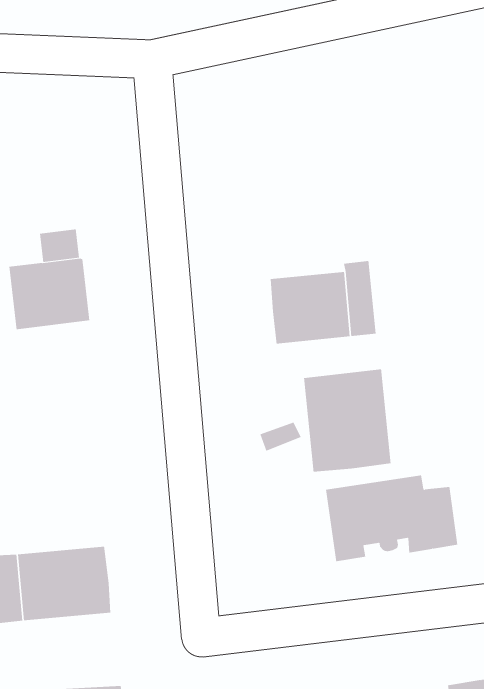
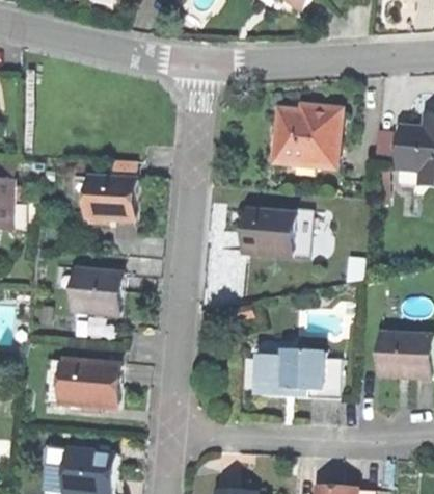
building: none -> [275,106,340,165]
building: [303,369,391,472] -> none
building: none -> [71,267,120,314]

